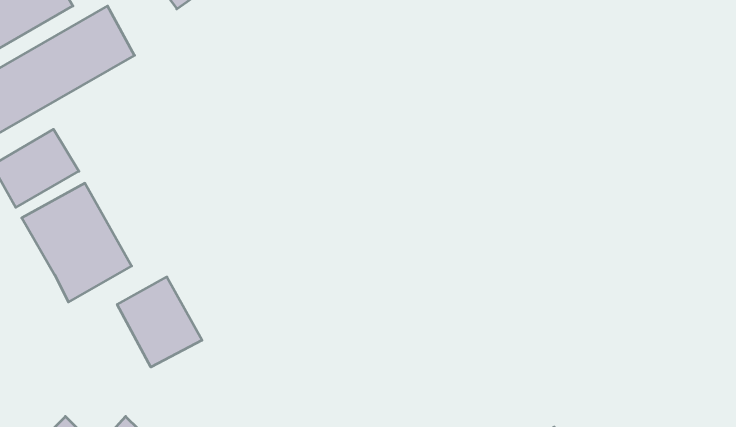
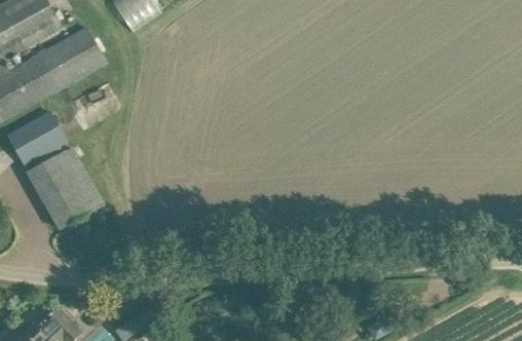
building: [117,277,202,367] -> none

